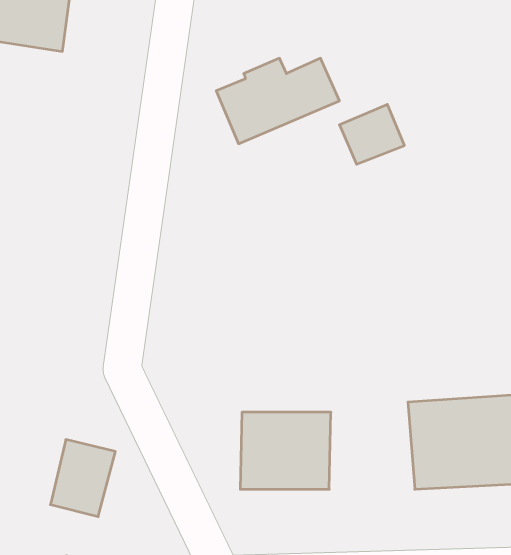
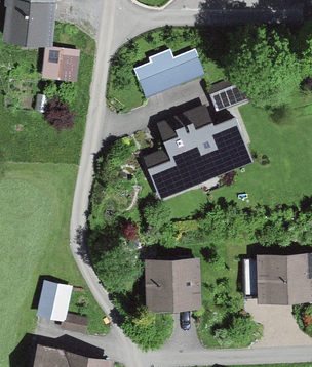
building: none -> [37,47,74,79]
building: none -> [142,106,256,201]

